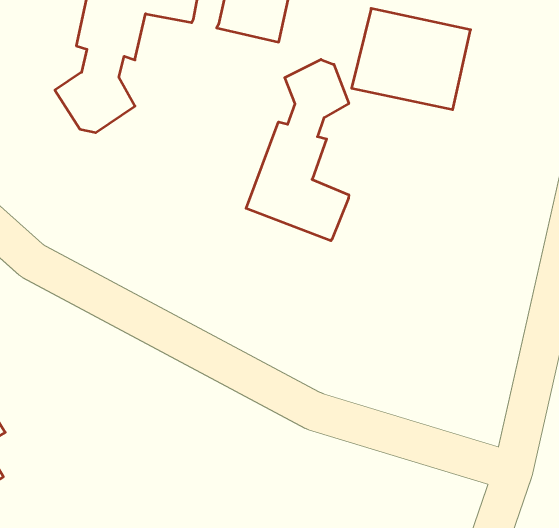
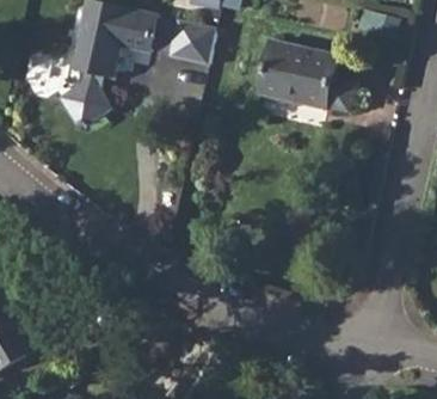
building: [246,59,349,241] -> none

